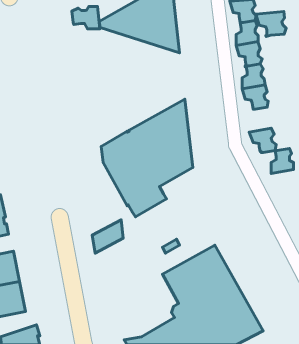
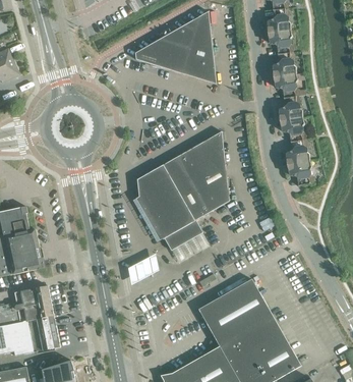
building: [72,6,100,29] -> none
building: [256,12,286,36] -> none
building: [271,148,293,174] -> [286,140,308,165]

